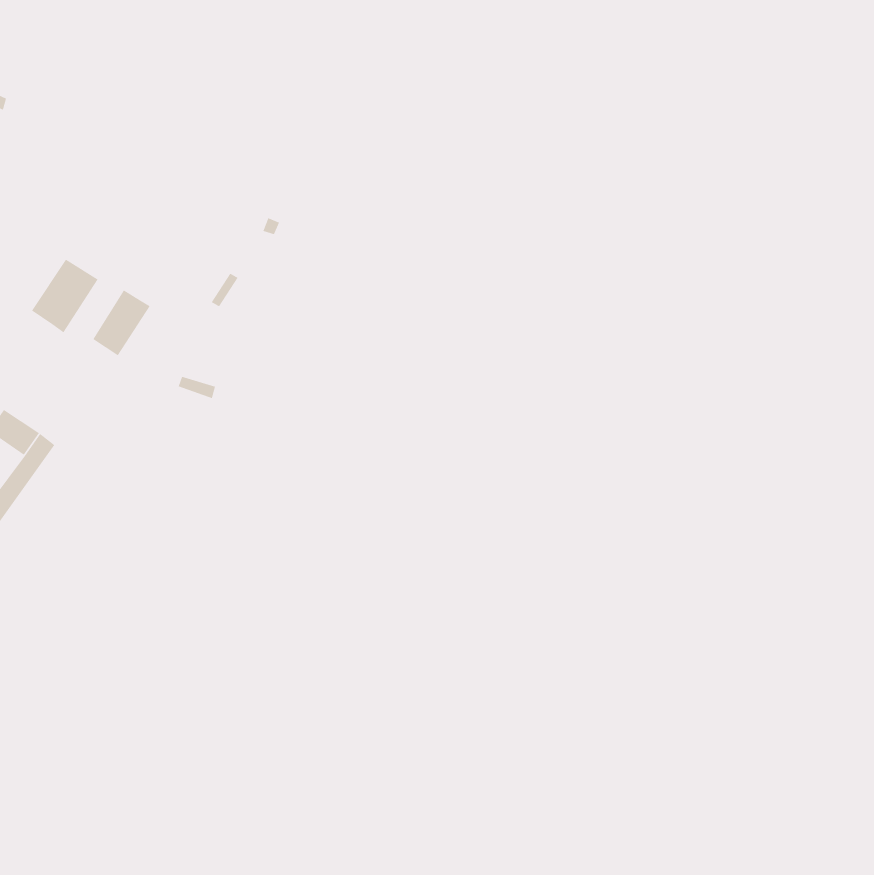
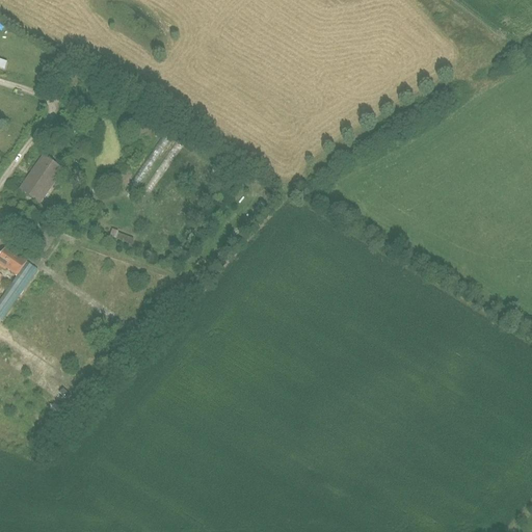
building: [92,290,151,356] -> none

